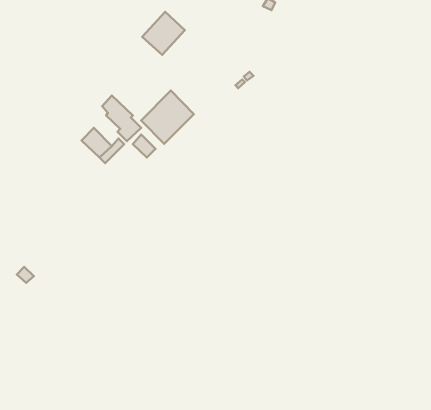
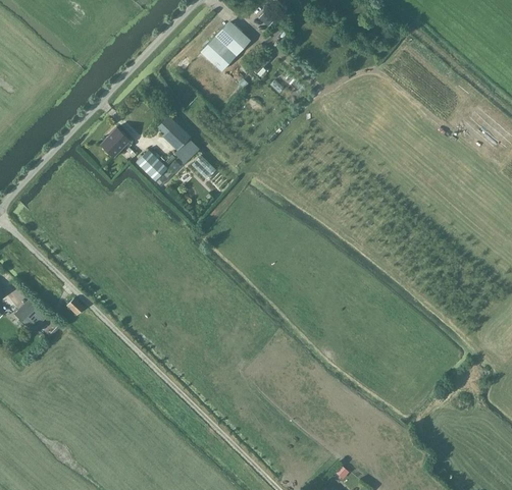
building: [141,91,194,144] -> none
building: none -> [101,127,131,157]

